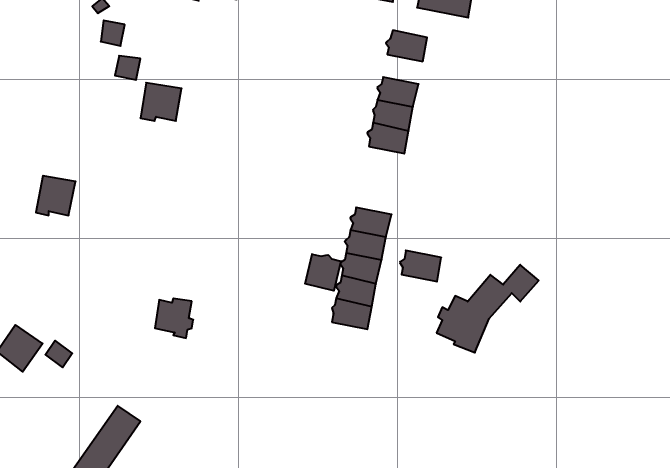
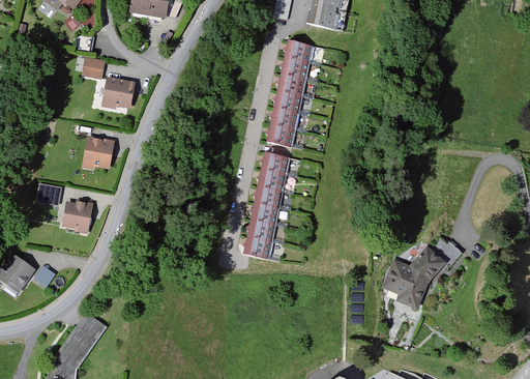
building: none -> [279,57,310,79]
building: none -> [266,124,296,146]
building: [36,176,76,215] -> [84,137,113,166]
building: [400,250,441,282] -> [260,151,290,174]
building: [305,254,341,291] -> none
building: [437,265,539,353] -> [388,241,463,305]
building: [155,298,193,338] -> [64,201,92,230]

